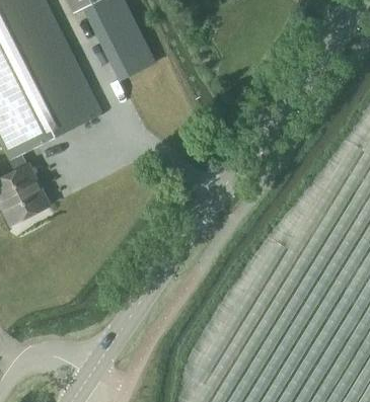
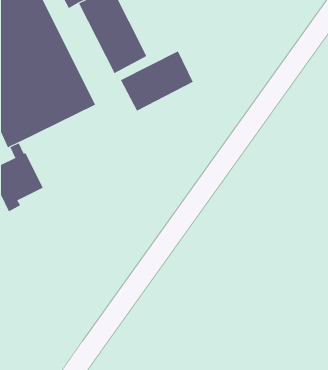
building: none -> [120,51,194,111]

